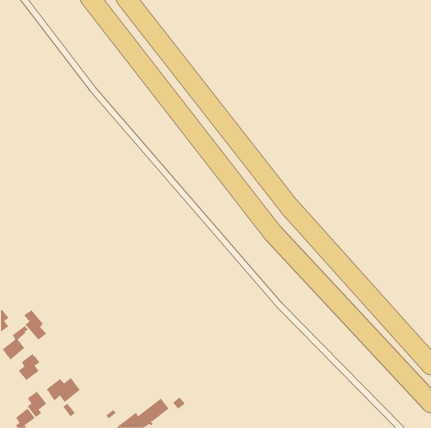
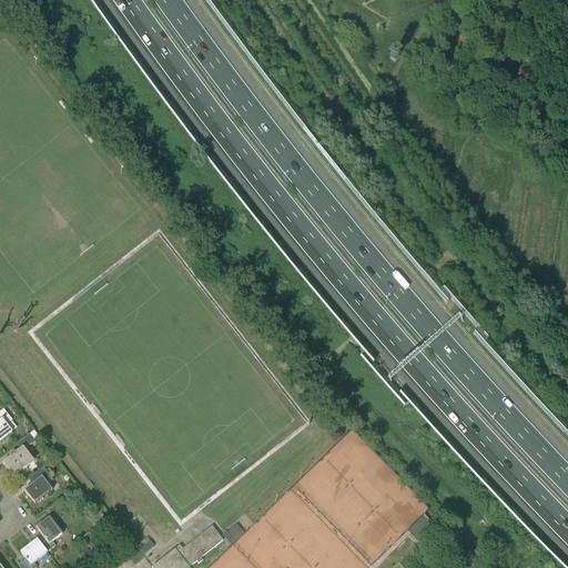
building: [24,309,47,340] -> none
building: [46,377,80,403] -> none

